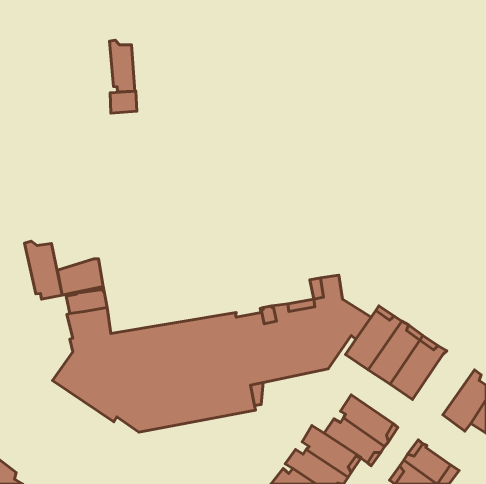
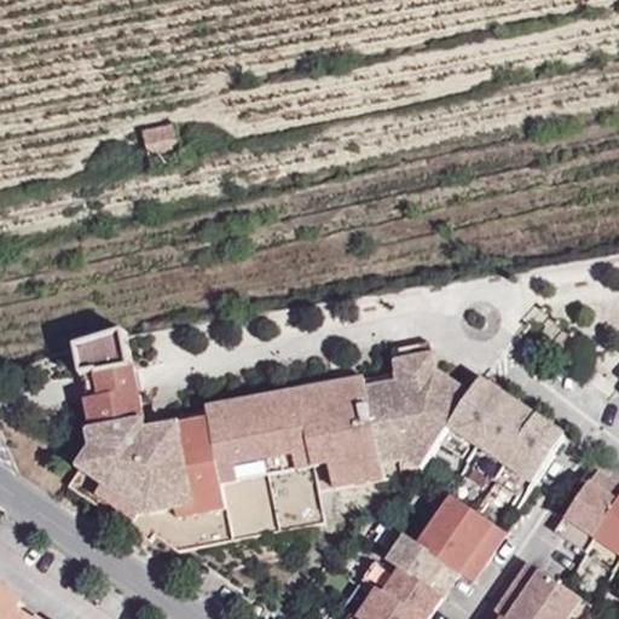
building: [110,40,135,92] -> none
building: [25,241,62,299] -> none

